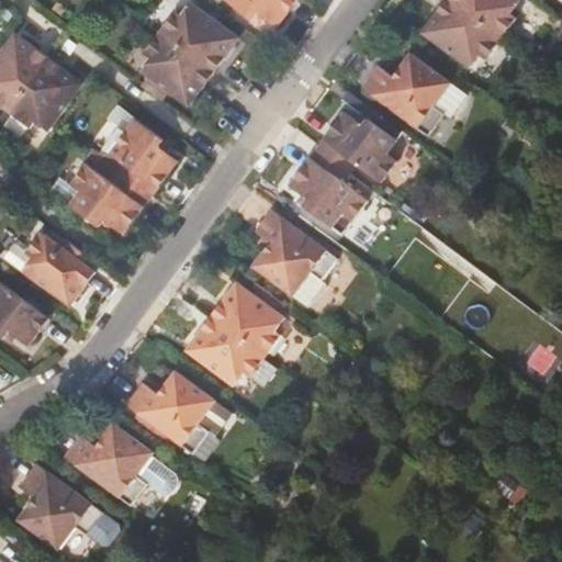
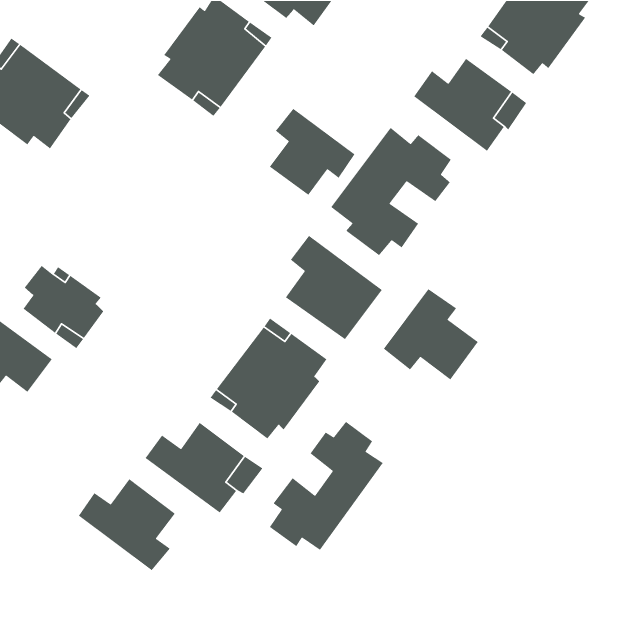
building: none -> [269,108,356,196]
building: [46,106,177,233] -> none
building: none -> [383,288,479,380]
building: none -> [269,421,384,551]
building: [22,468,110,552] -> none

